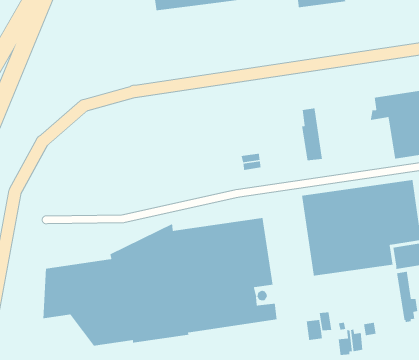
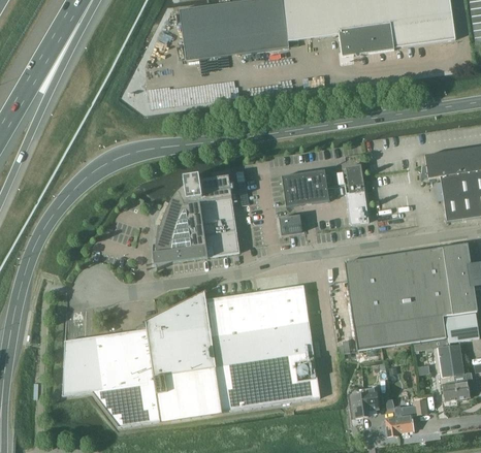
building: none -> [281,168,329,205]
building: none -> [156,175,239,268]
building: none -> [414,337,457,399]

